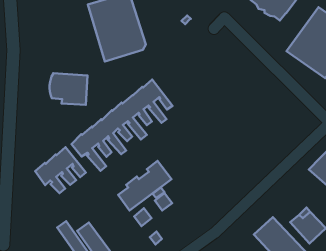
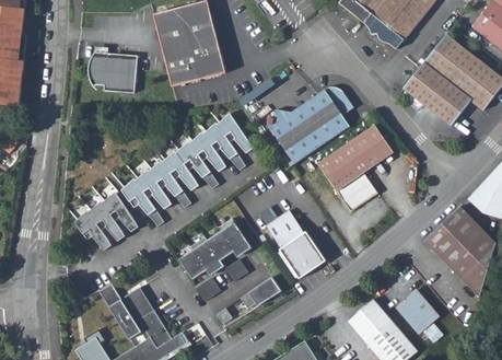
building: none -> [271,86,353,163]
building: [49,73,88,105] -> [90,49,139,92]
building: none -> [318,124,394,210]
building: none -> [266,212,324,279]
building: none -> [238,277,280,309]

